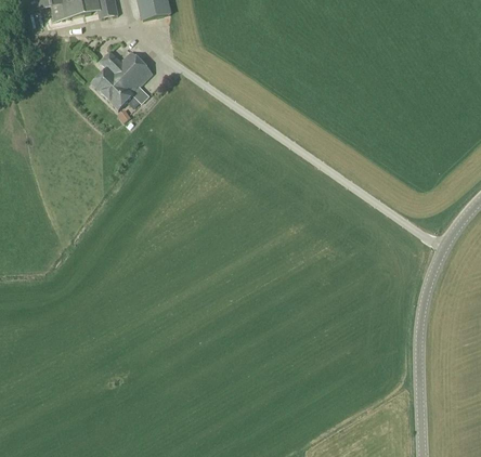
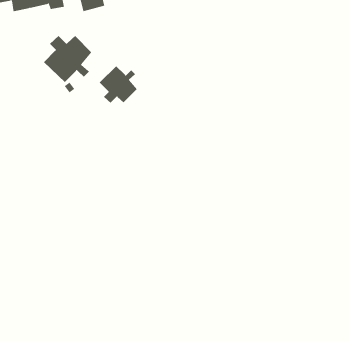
building: none -> [99,66,138,103]

